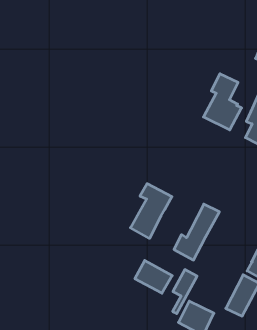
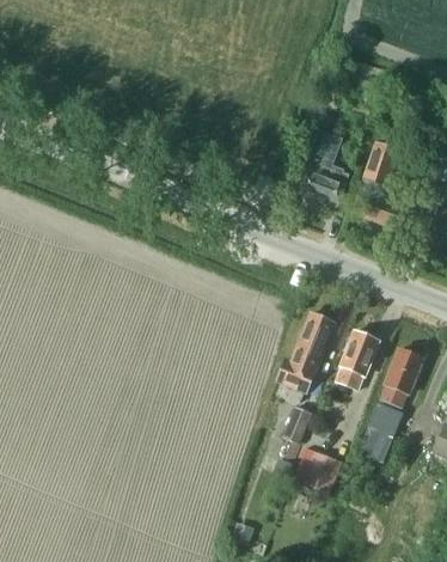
building: [130,184,172,238] -> none
building: none -> [337,330,379,389]
building: [135,260,172,293] -> none

